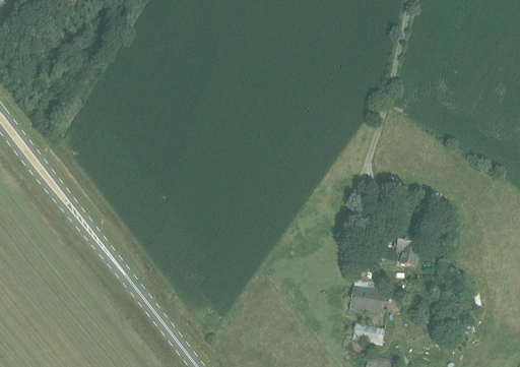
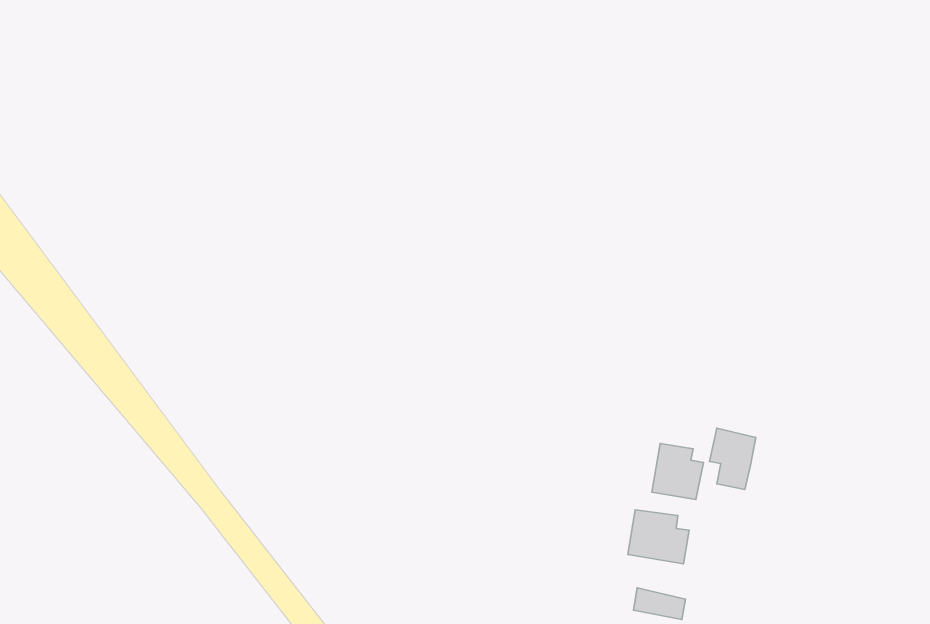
building: none -> [652,443,704,500]

